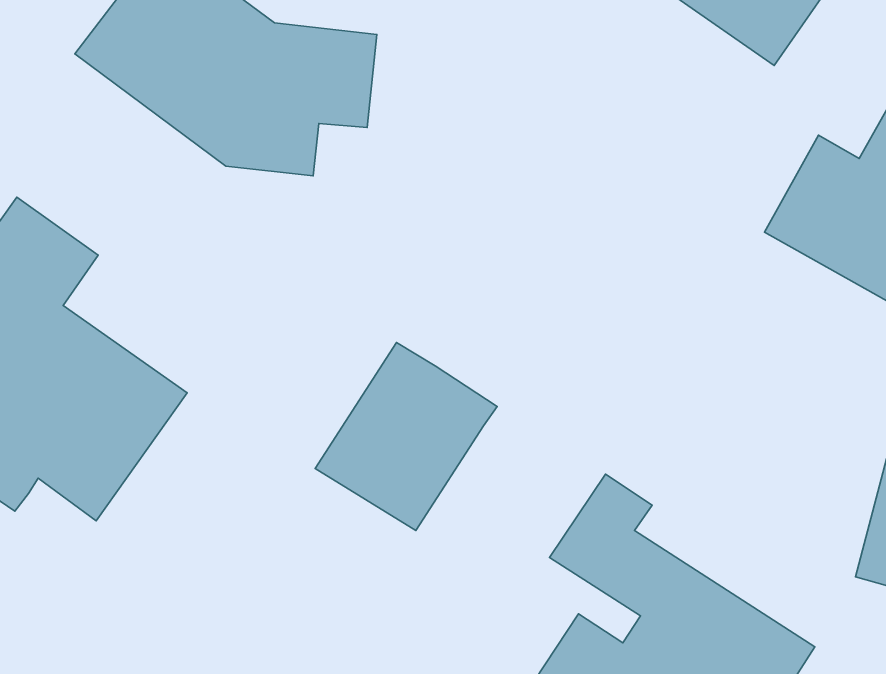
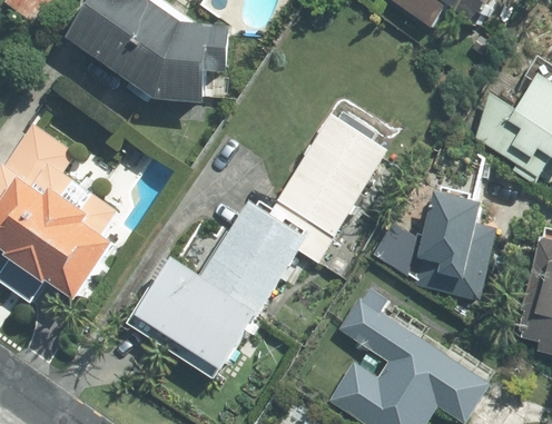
building: none -> [270,115,385,263]
building: none -> [406,188,504,300]
building: none -> [127,256,259,379]

